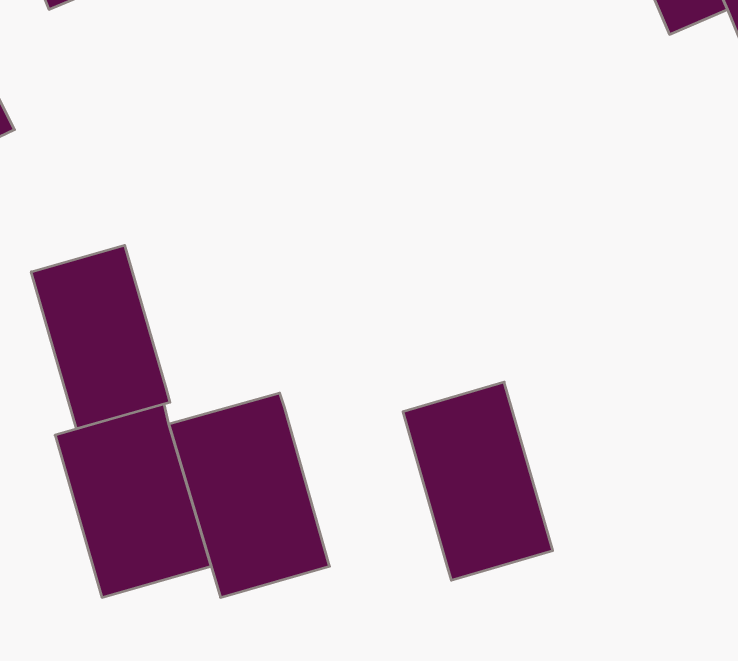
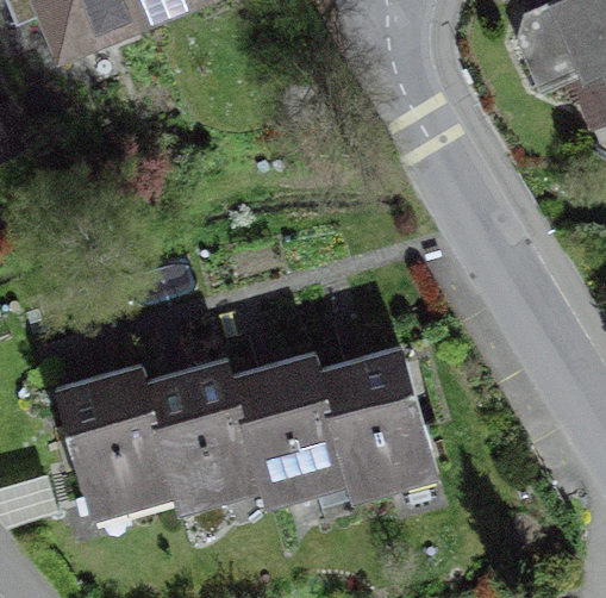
building: [31,245,170,429] -> none
building: none -> [235,345,358,513]

